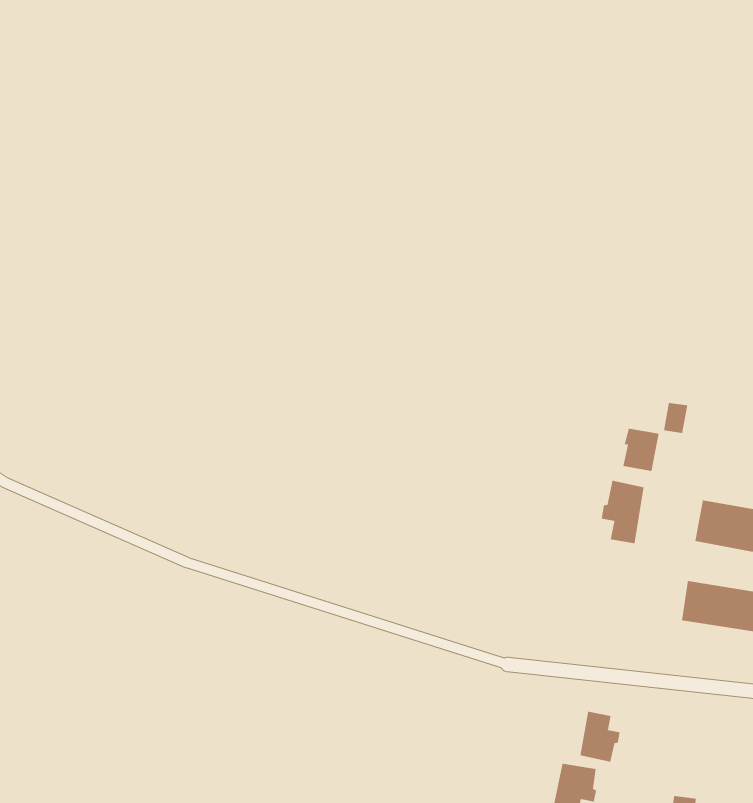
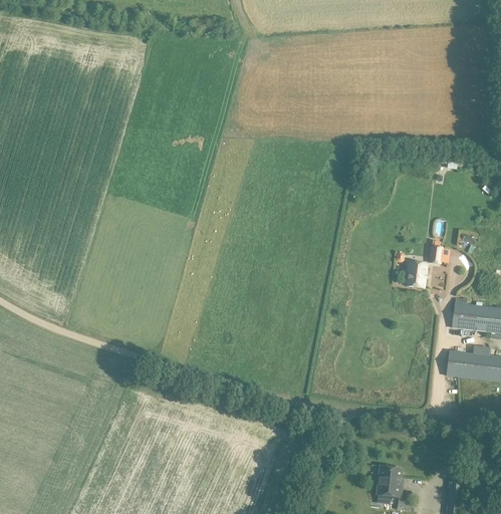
building: [601,480,644,544] -> none
building: [580,711,620,763] -> none

